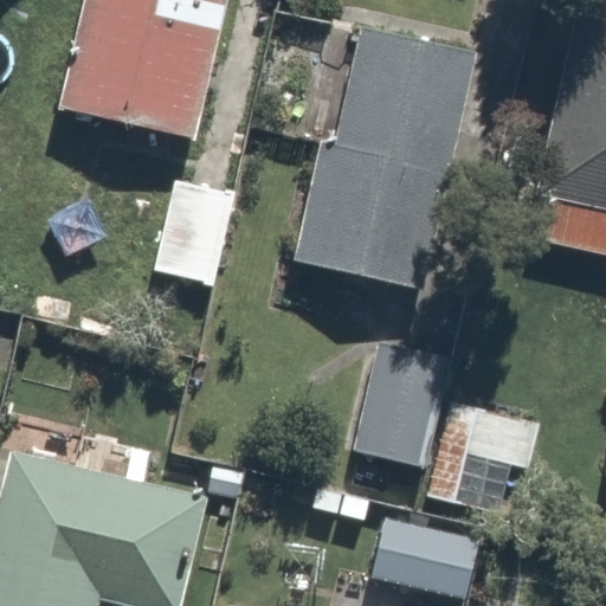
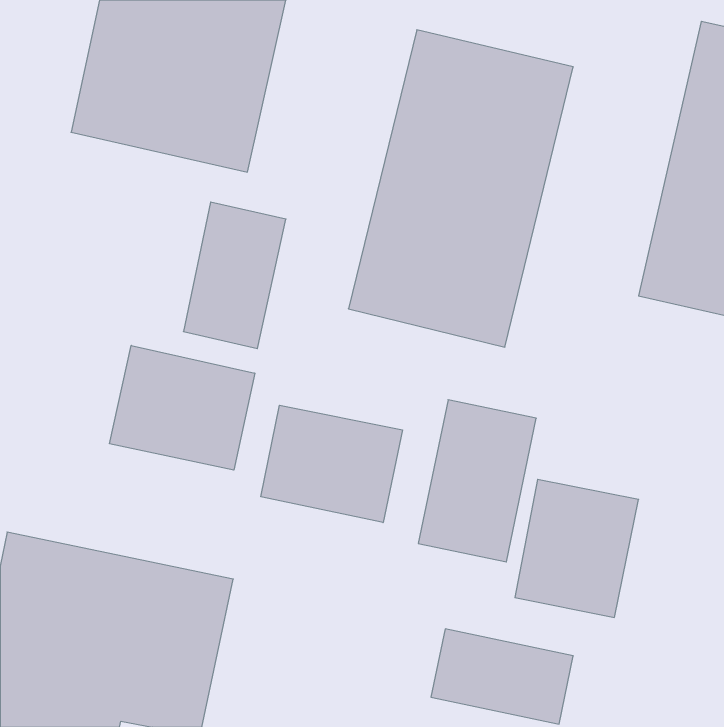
building: none -> [110,345,255,470]
building: none -> [261,405,402,523]

